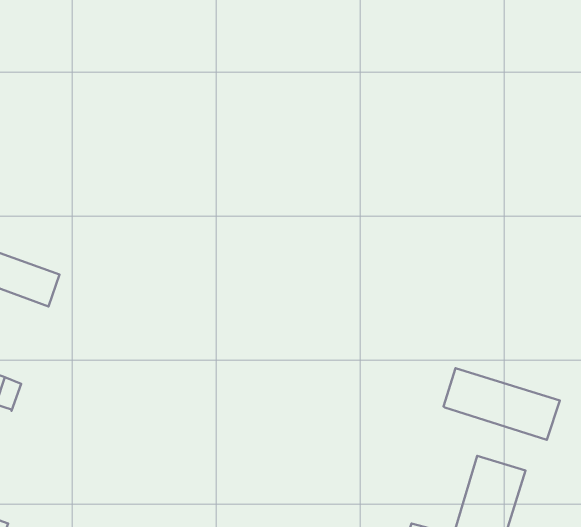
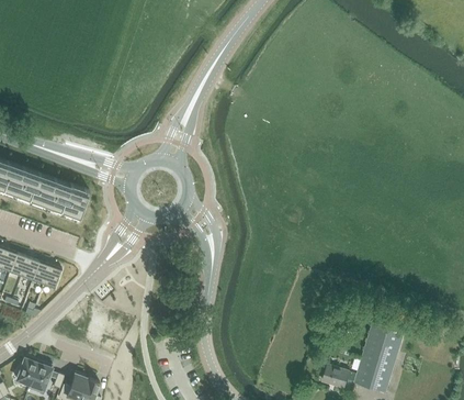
building: [443,368,560,440] -> none

